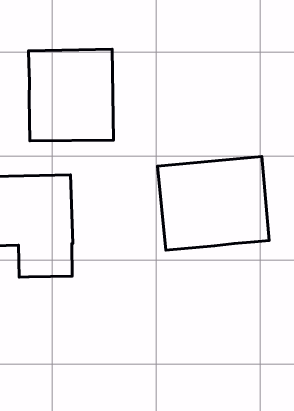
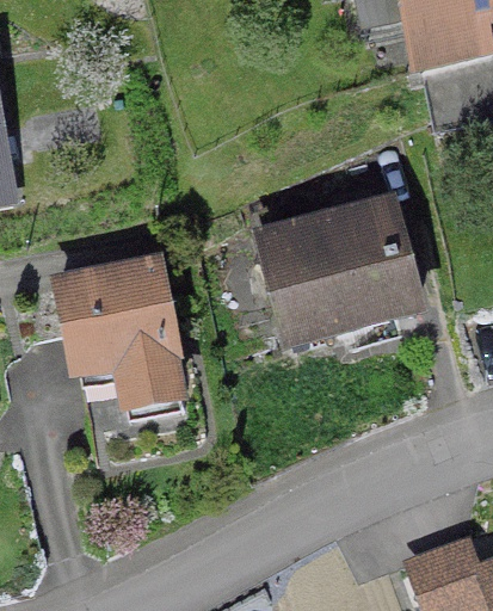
building: [29,49,114,141] -> none

